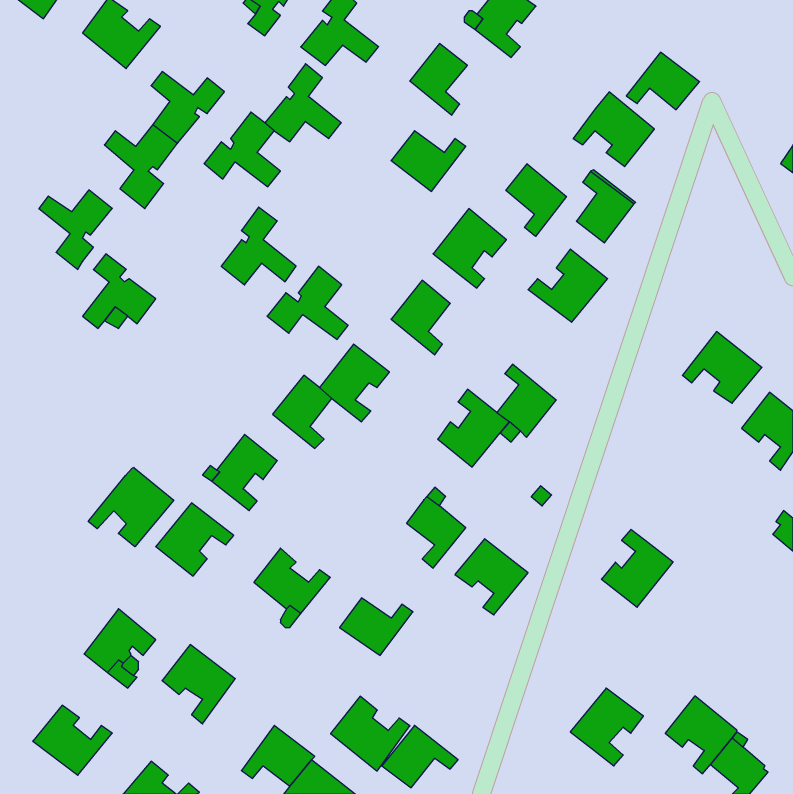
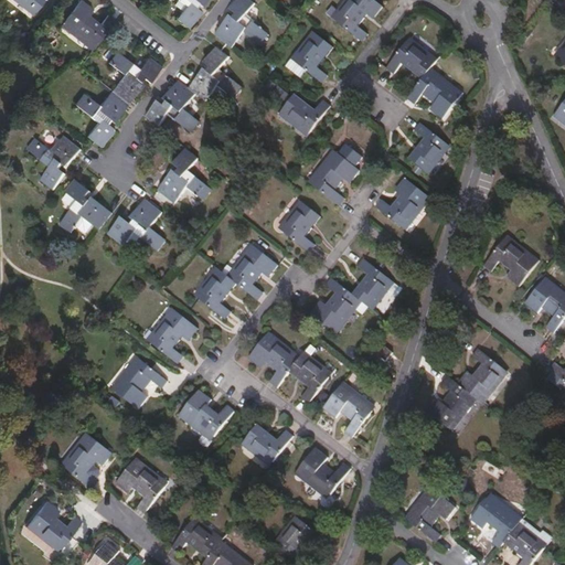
building: [626,52,700,110] -> [386,36,438,77]
building: [506,164,566,236] -> none
building: [267,266,348,339] -> [107,198,164,249]
building: none -> [247,330,300,386]
building: [88,467,174,547] -> none
building: none -> [457,349,508,404]
building: [331,696,410,771] -> [294,446,350,499]

